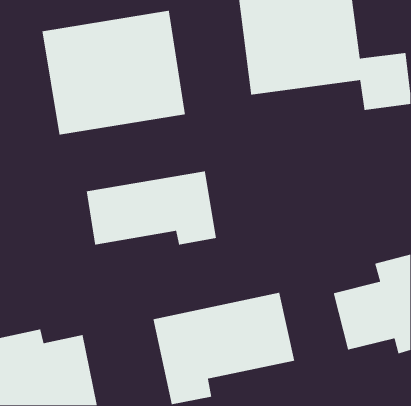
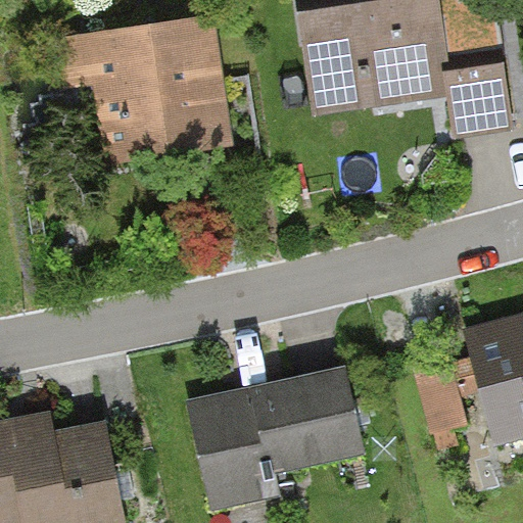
building: [86,171,217,245] -> none

